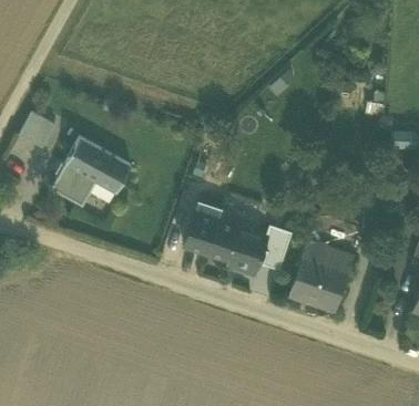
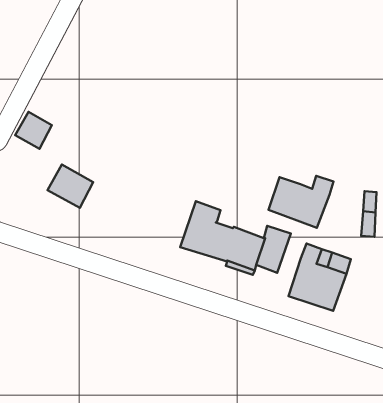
building: [64,138,131,194] -> none
building: none -> [269,176,333,228]

